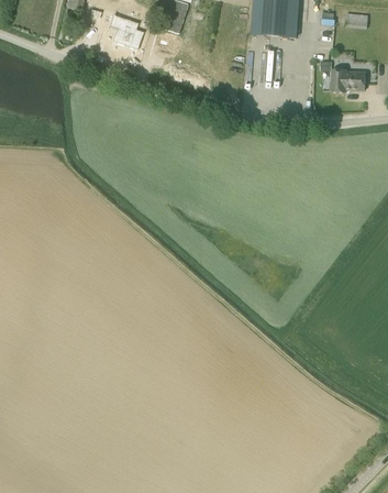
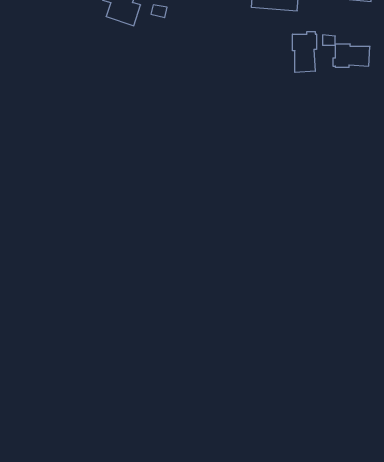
building: none -> [293,32,316,72]

